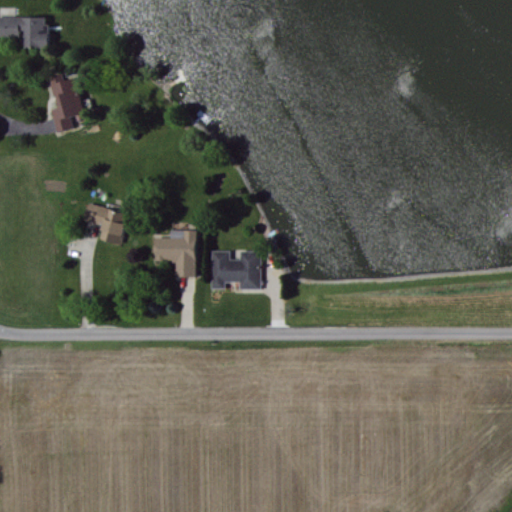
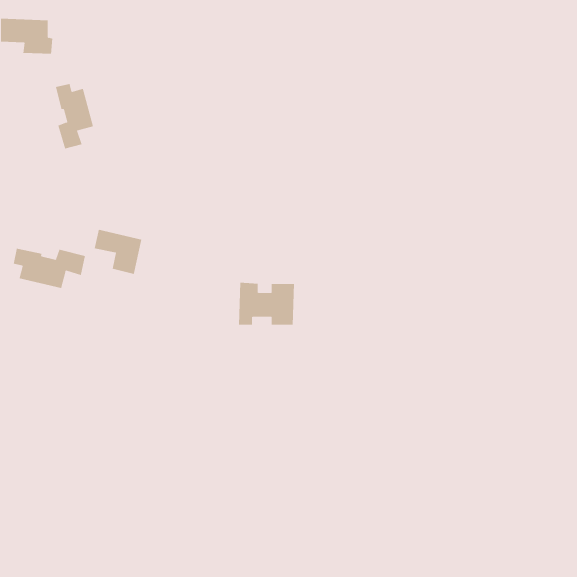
building: none -> [13,248,86,289]
building: [154,230,196,276] -> none

